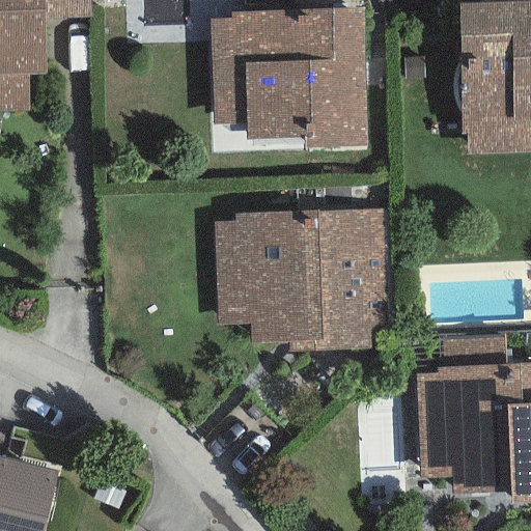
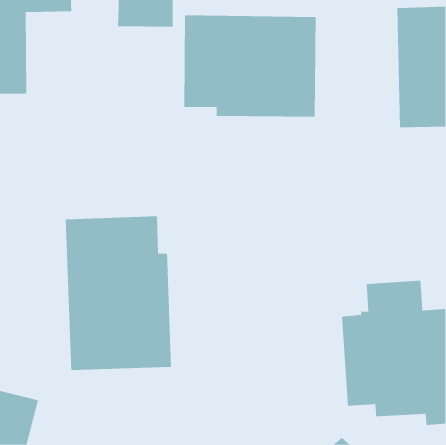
building: [222,208,393,330] -> none
building: none -> [65,215,171,371]

